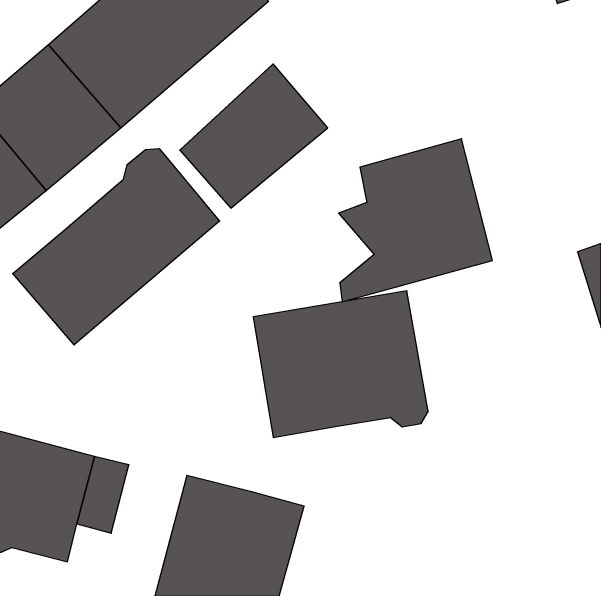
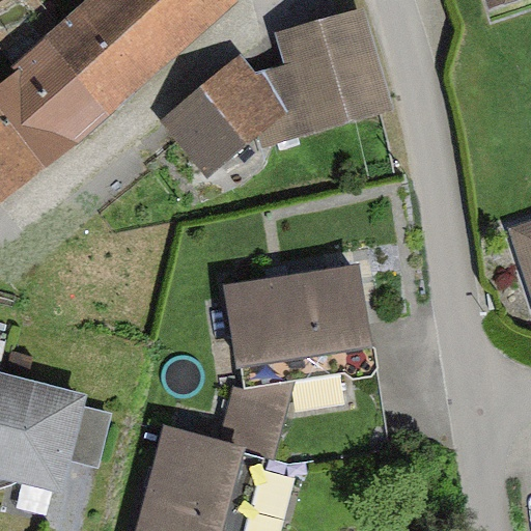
building: [339,139,492,302] -> [256,10,391,153]
building: [13,149,220,345] -> none
building: none -> [221,374,292,446]

